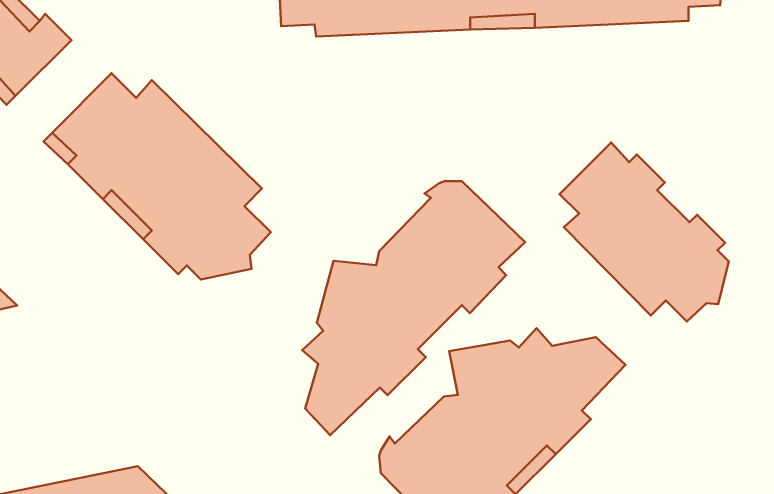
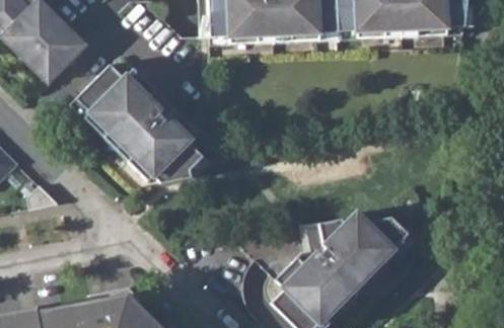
building: [559,142,729,321] -> none
building: [302,181,525,435] -> none

